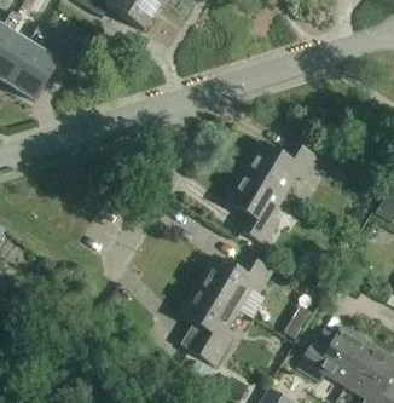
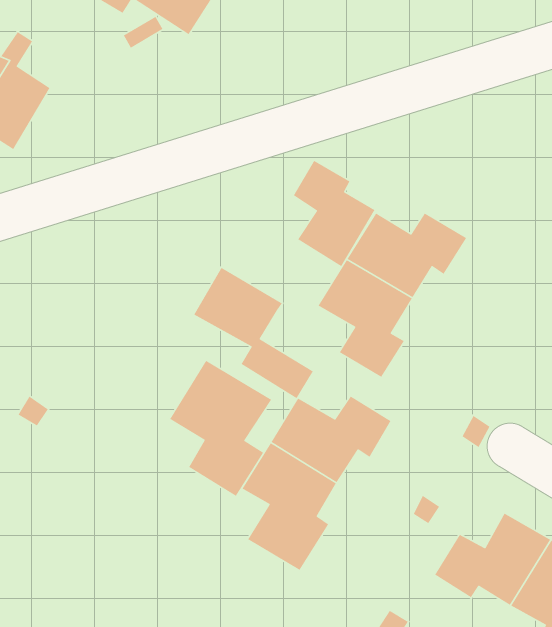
building: none -> [293,160,375,267]
building: none -> [193,267,314,399]
building: none -> [169,360,272,497]

